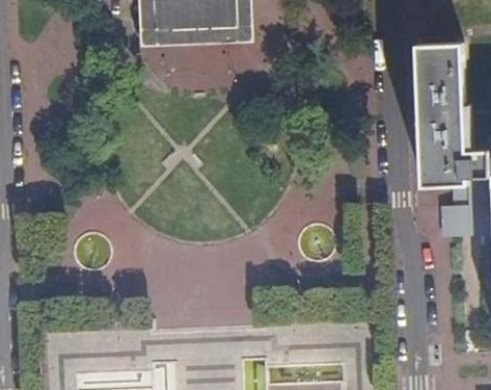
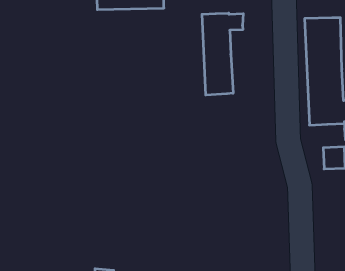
building: none -> [202,13,243,95]

